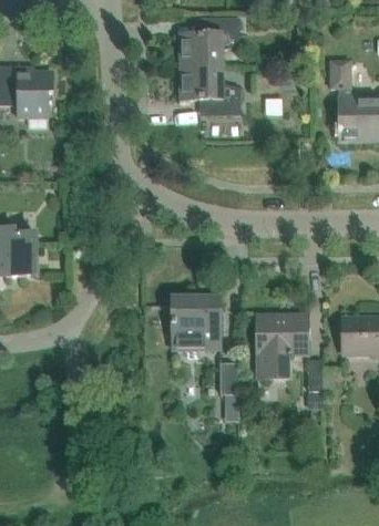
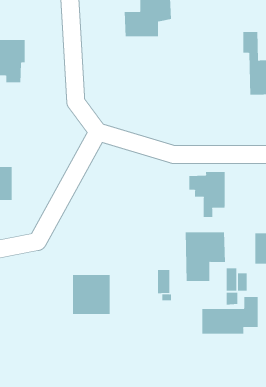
building: [180,66,239,114] -> none
building: none -> [189,171,226,218]
building: [171,298,219,349] -> [72,274,111,315]
building: none -> [202,296,258,335]

